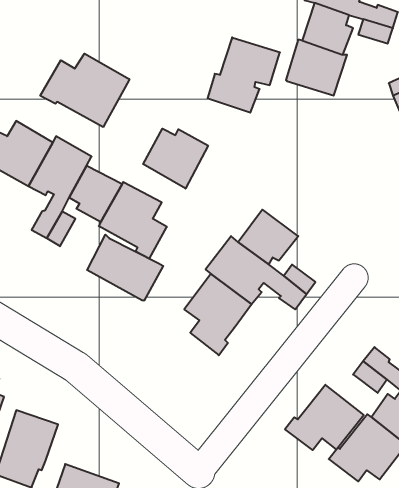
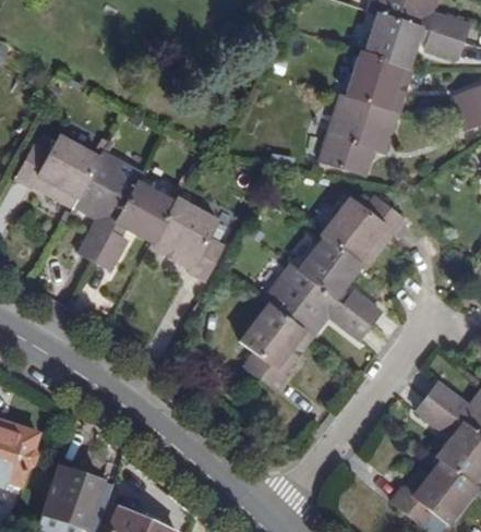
building: [208,37,280,113] -> [323,94,400,174]
building: [40,54,129,127] -> none
building: [143,129,208,189] -> none
building: none -> [321,192,405,262]
building: [87,235,163,301] -> none
building: [285,385,364,450] -> none

